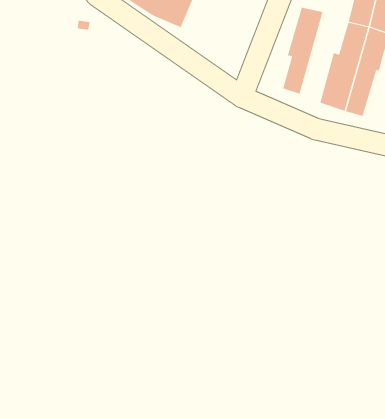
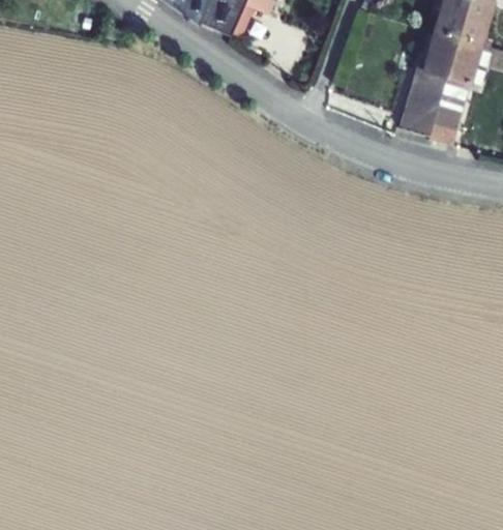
building: [283,7,323,95] -> none

